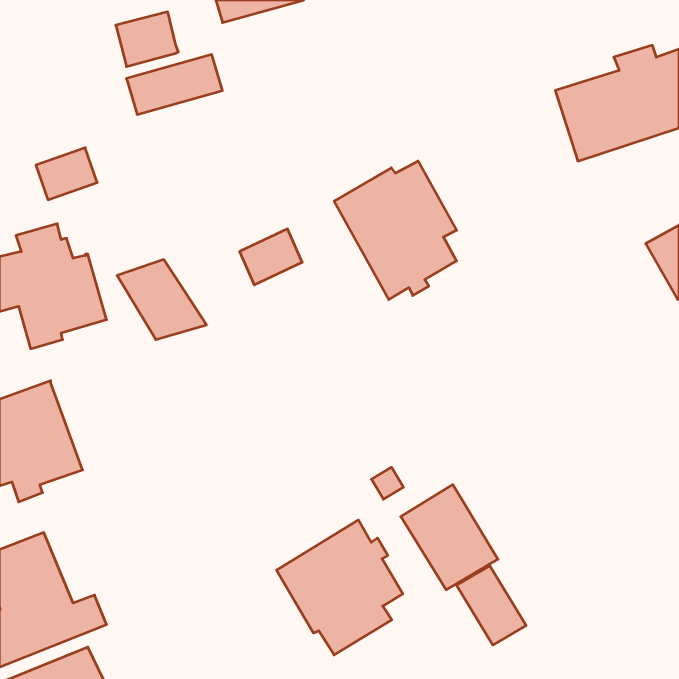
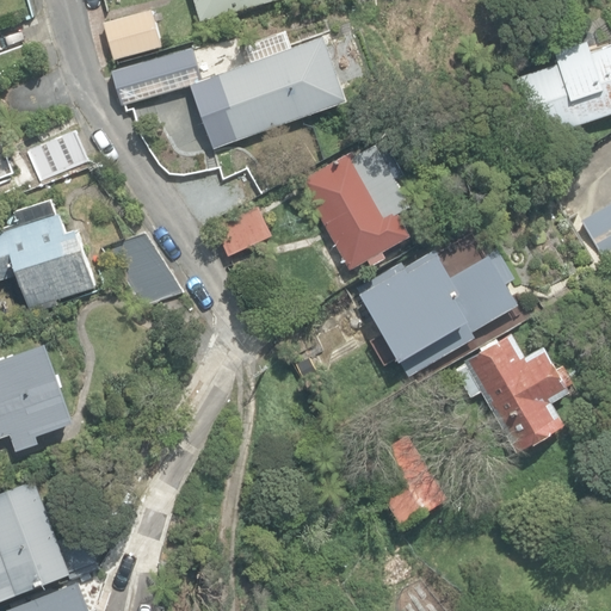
building: none -> [211,37,346,142]
building: none -> [354,252,517,376]
building: none -> [453,334,572,451]
building: [277,520,403,655] -> none
building: [457,566,526,645] -> none

